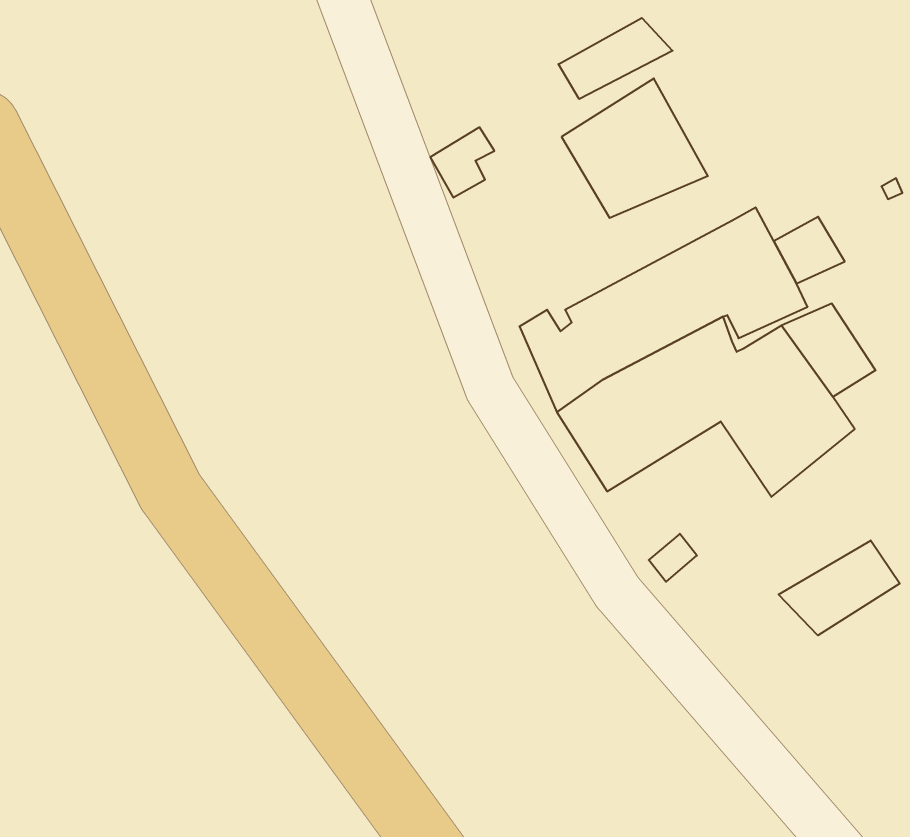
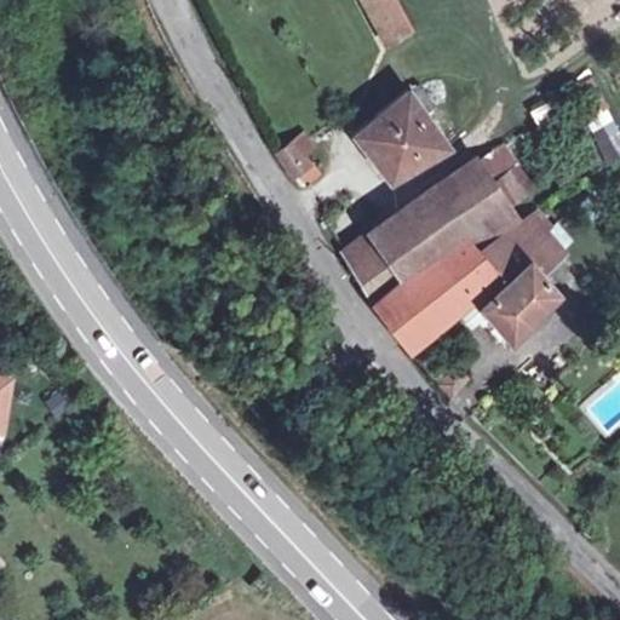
building: [558,18,673,99] -> none
building: [779,540,900,635] -> none

